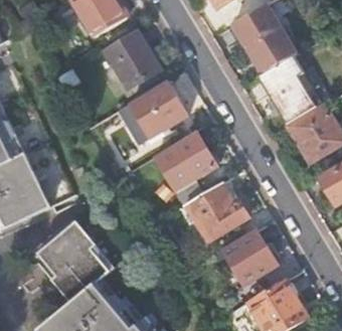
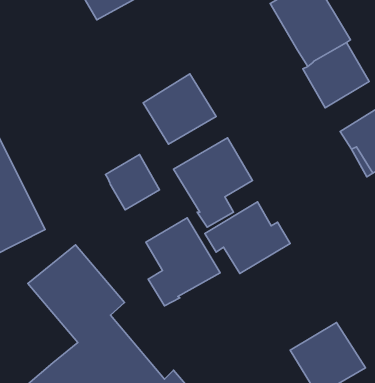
building: [103,29,160,89] -> none
building: none -> [106,155,159,210]
building: none -> [146,218,220,306]
building: [221,230,276,285] -> none

